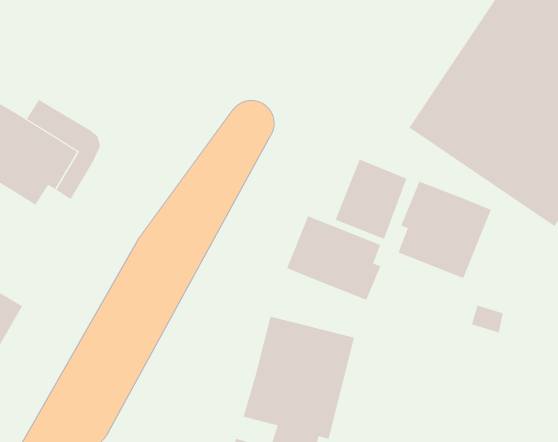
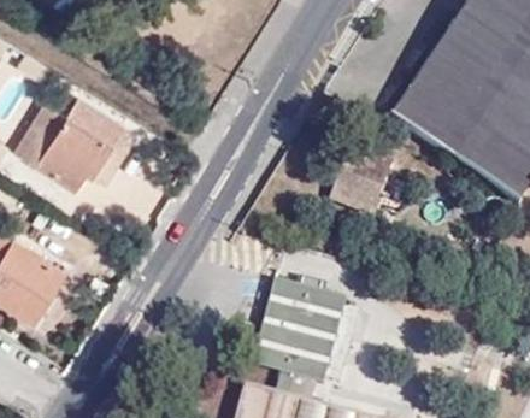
building: [398,181,492,279] -> none
building: [286,216,381,300] -> none

